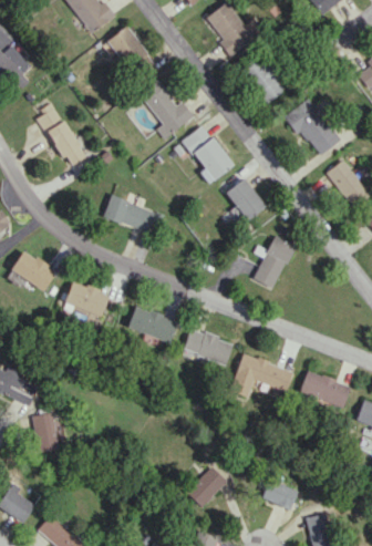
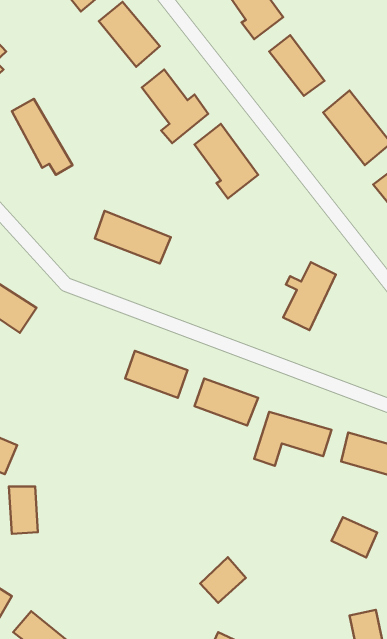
building: [226,177,266,220] -> none
building: [64,280,110,317] -> none
building: [262,478,299,511] -> [332,517,377,557]

